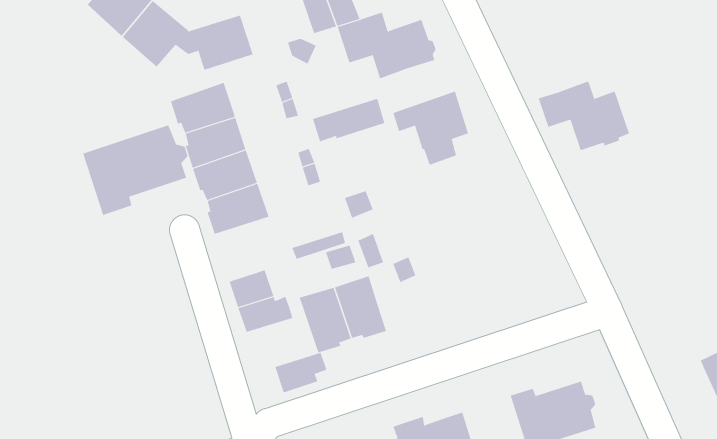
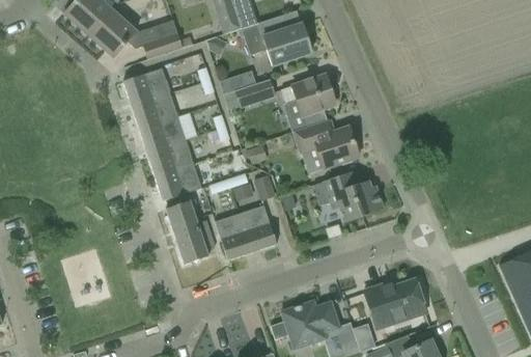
building: [538,81,630,151] -> [292,118,358,168]
building: [83,125,188,216] -> none
building: none -> [153,163,200,199]
building: none -> [312,171,383,221]
building: [274,352,327,393] -> [176,235,214,264]

